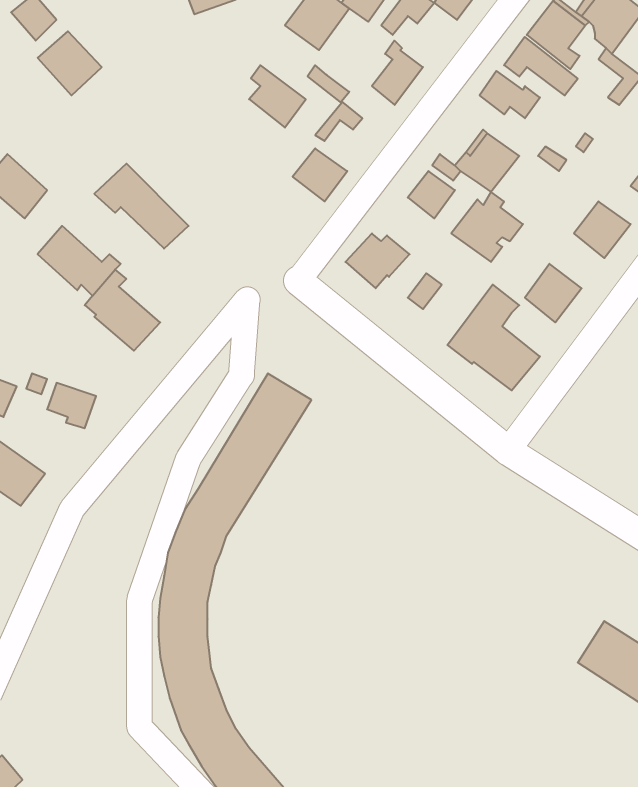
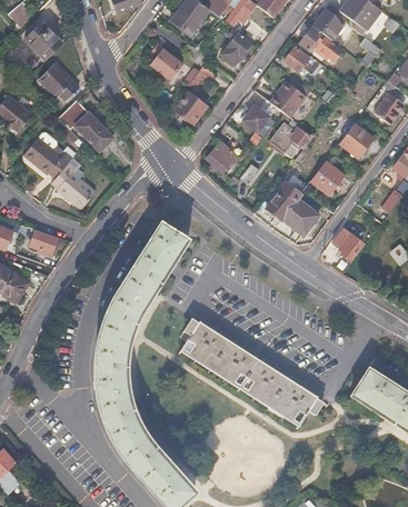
building: none -> [39,63,78,100]
building: none -> [334,228,364,261]
building: none -> [178,326,312,427]

